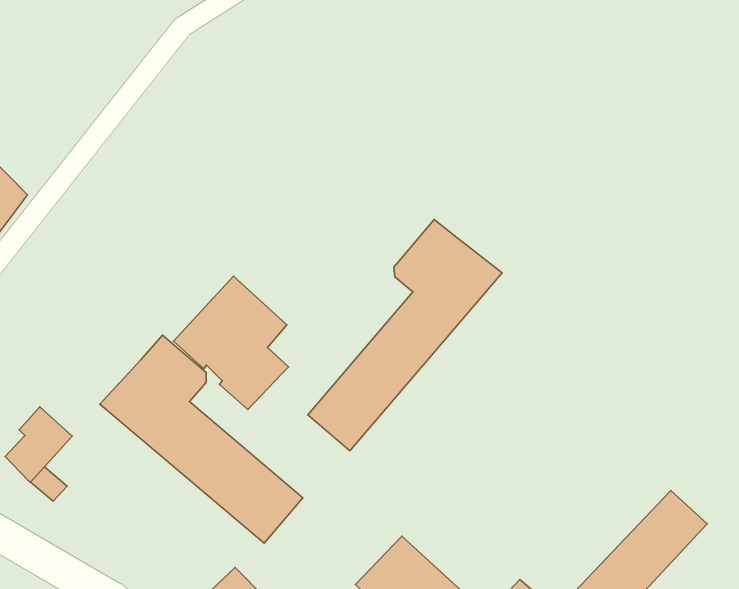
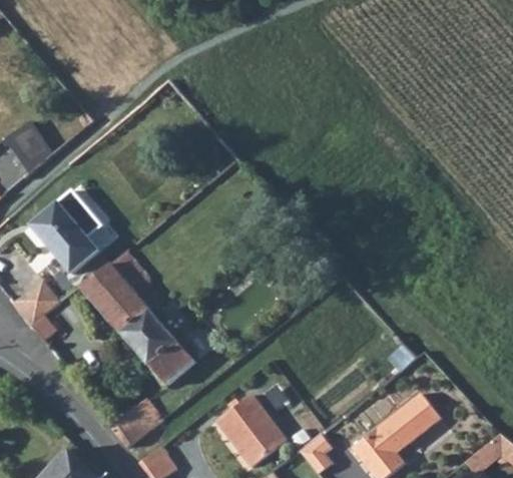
building: [308,219,502,451] -> none
building: [173,276,289,409] -> [31,190,102,274]

